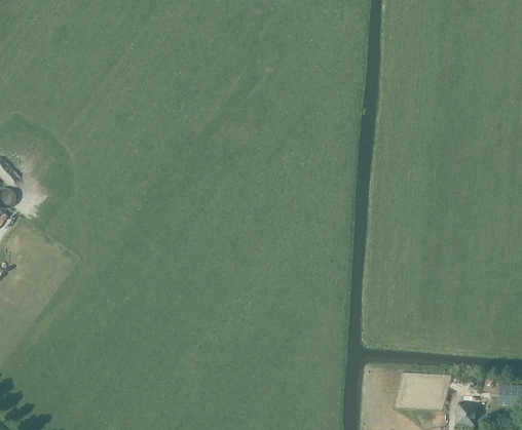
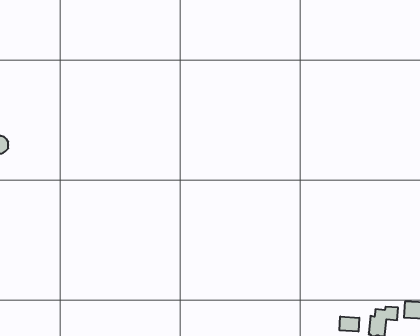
building: none -> [340,316,359,332]

